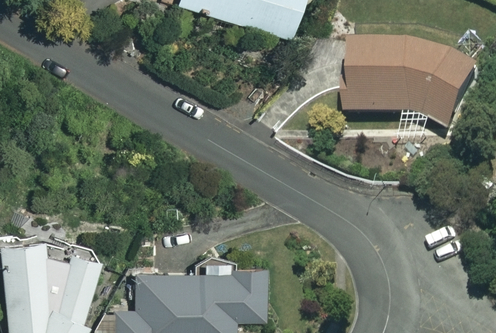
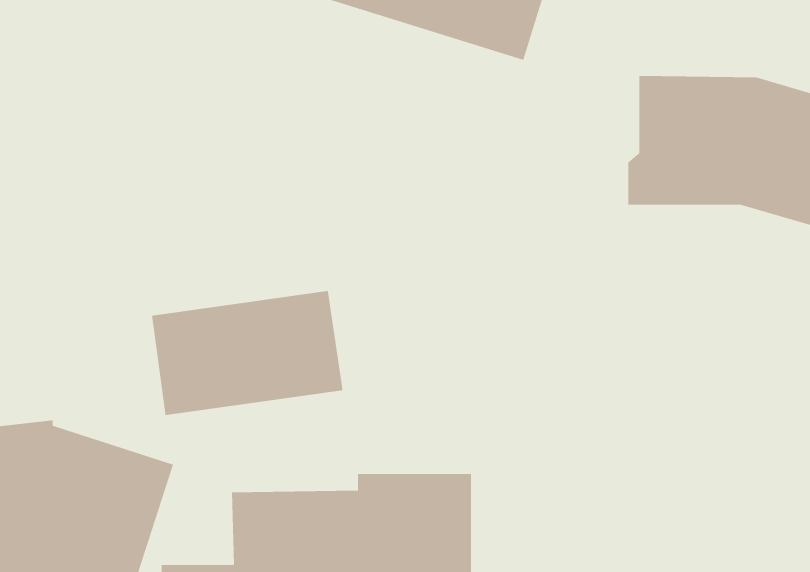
building: none -> [151,290,343,416]

